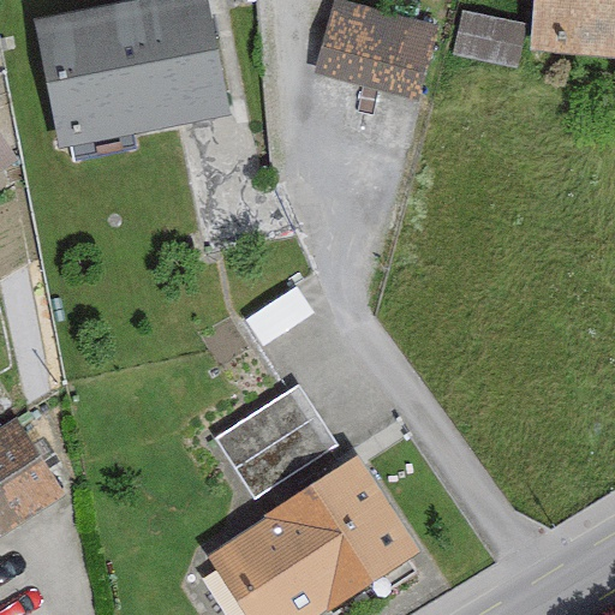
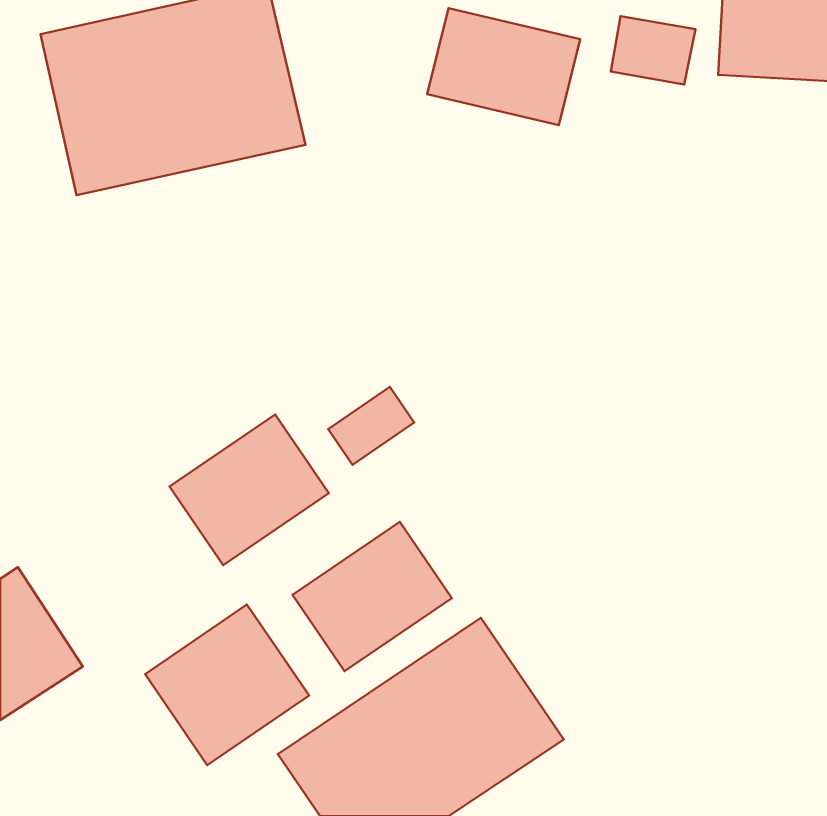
building: none -> [169,414,329,565]
building: none -> [145,605,309,765]

